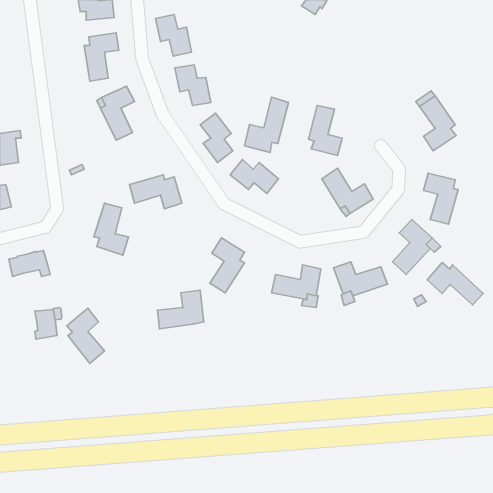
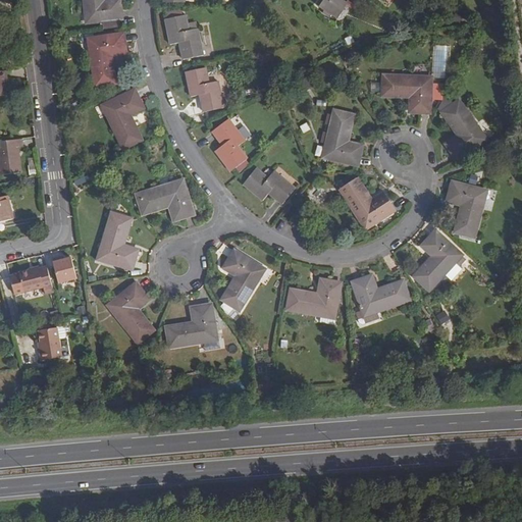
building: none -> [382,75,430,111]
building: [244,97,288,152] -> none
building: none -> [50,254,75,281]
building: [427,263,483,305] -> none
building: [67,308,104,363] -> [112,284,152,343]

